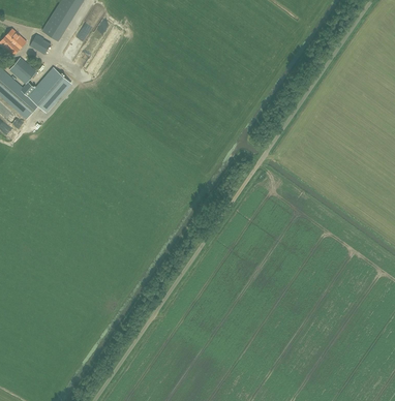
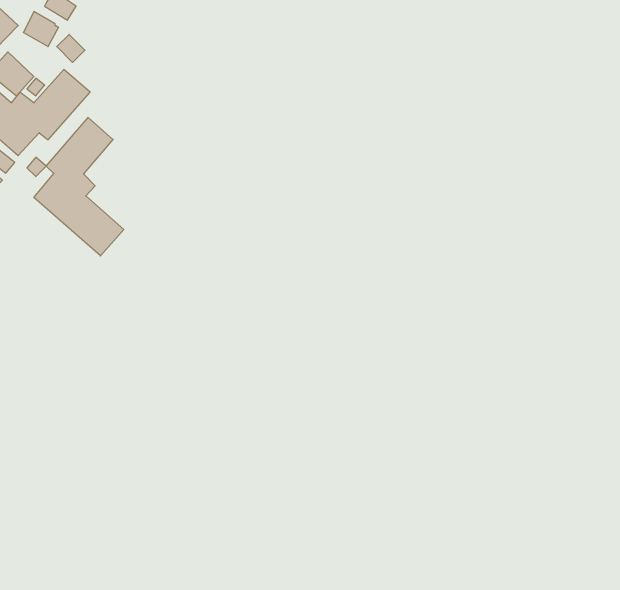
building: none -> [34,117,124,256]

